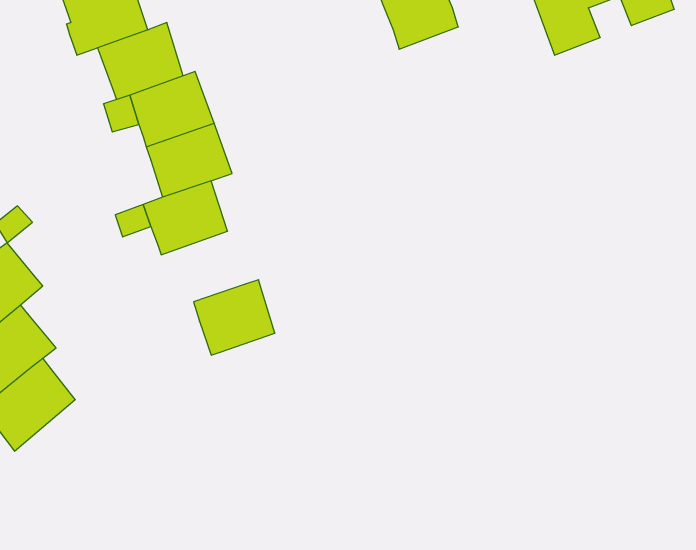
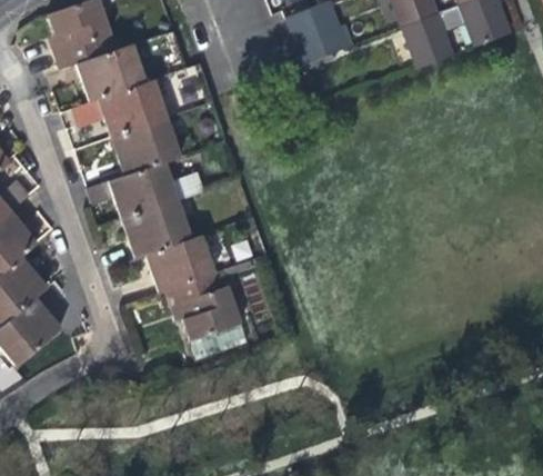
building: none -> [124,200,188,258]
building: none -> [169,271,243,341]

